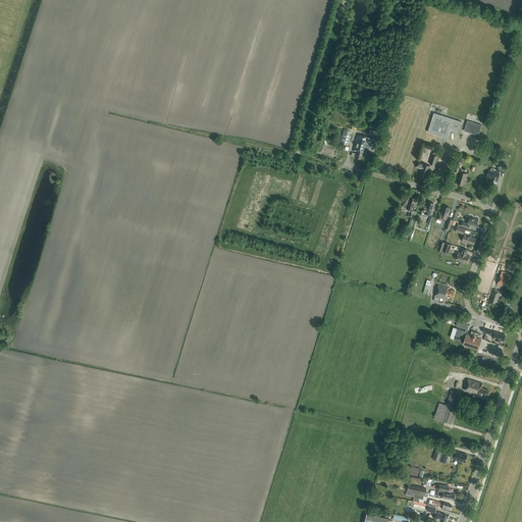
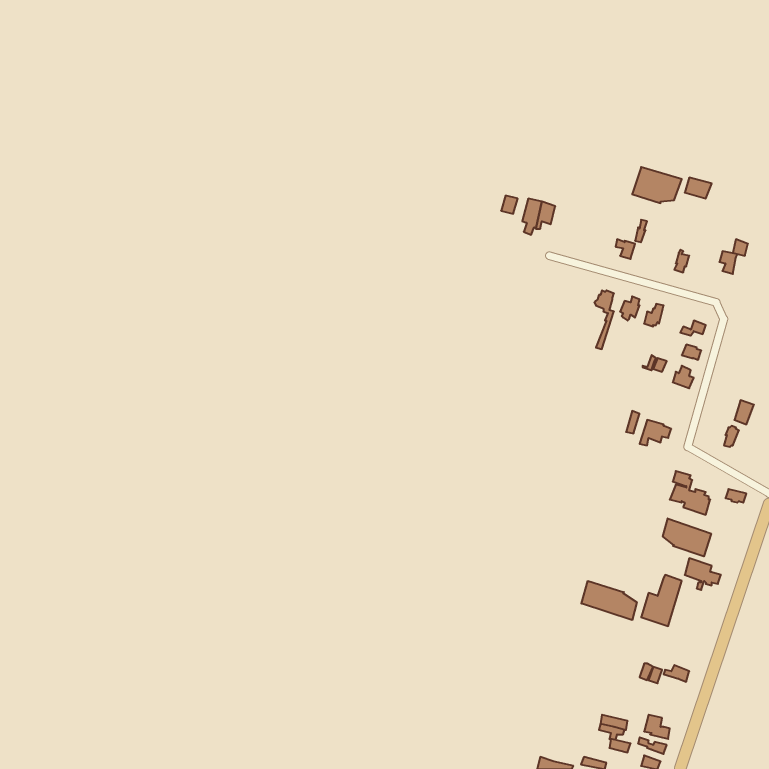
building: none -> [663,518,711,556]
building: none -> [581,581,637,620]

